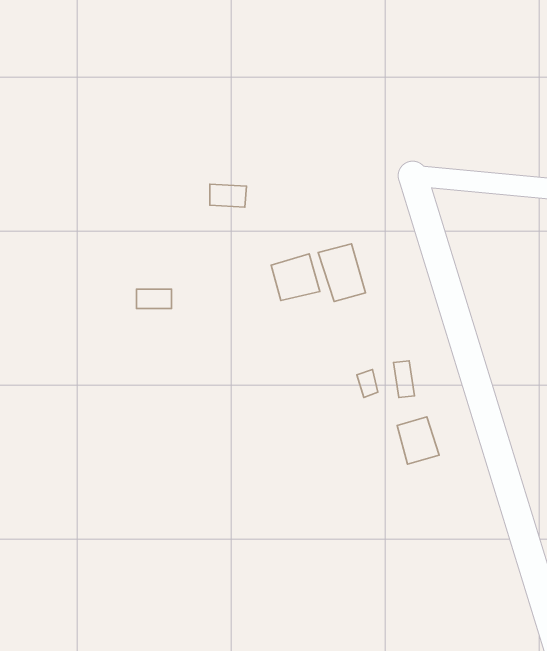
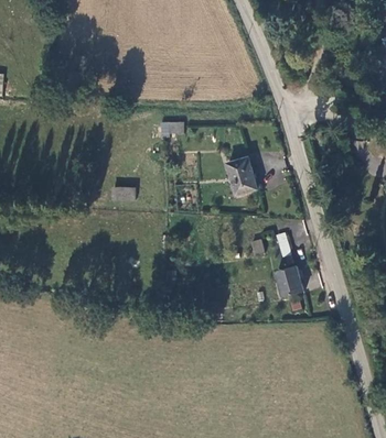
building: [271,254,320,301] -> none

